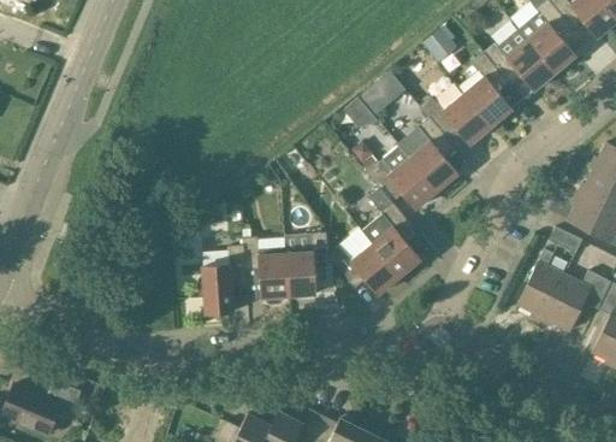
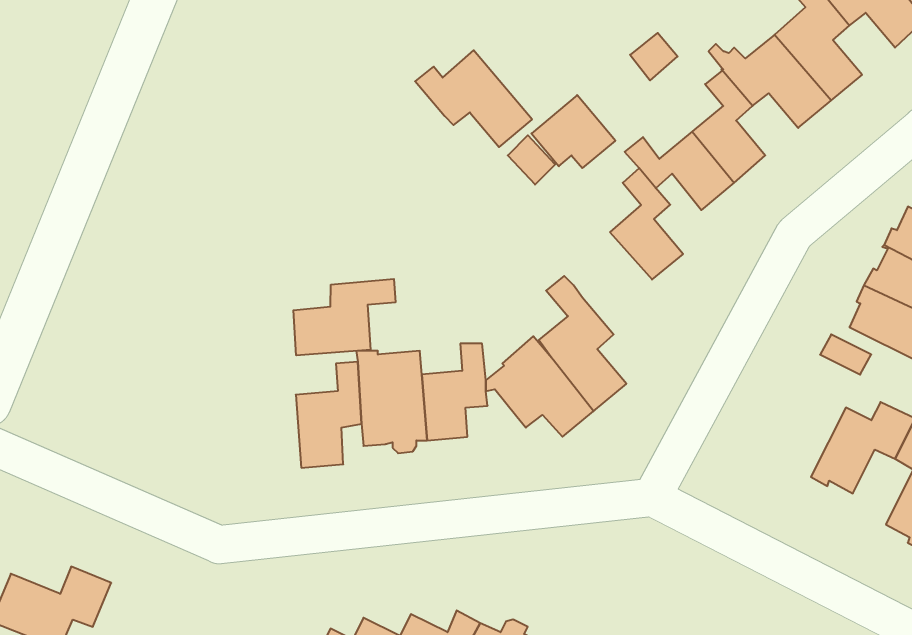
building: [361,146,438,210] -> [415,50,532,147]
building: none -> [293,279,395,355]
building: [517,251,565,322] -> none

